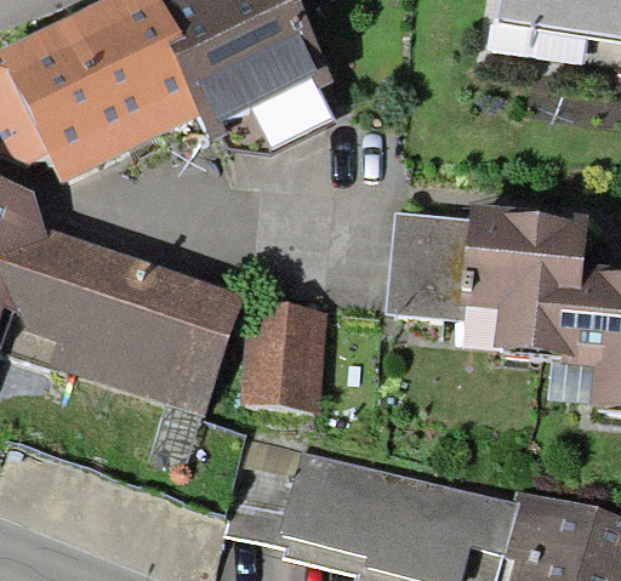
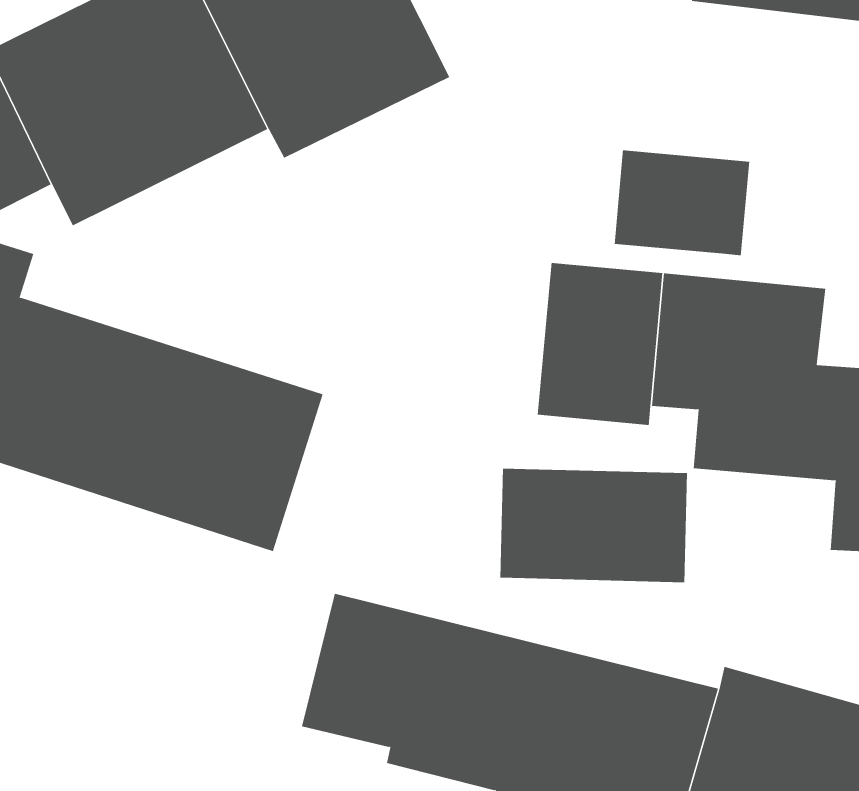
building: none -> [614,150,750,256]
building: [243,313,323,408] -> none
building: none -> [500,468,688,583]

